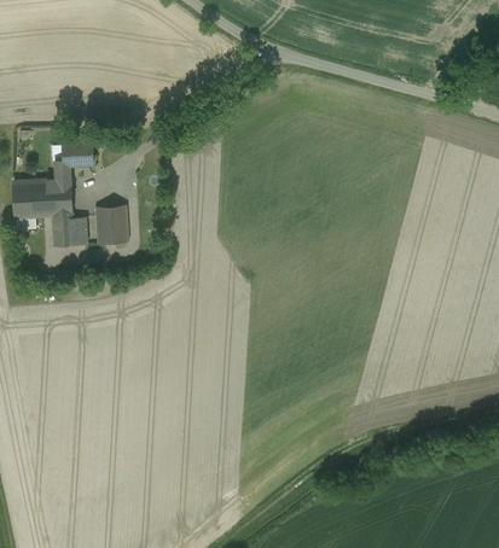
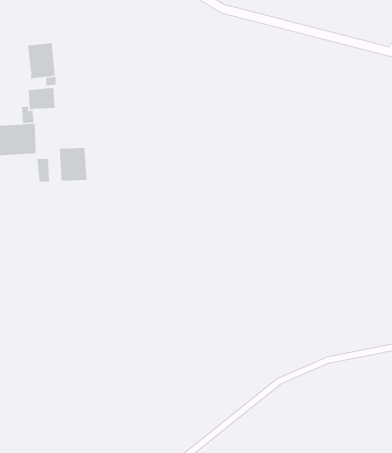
building: none -> [27,42,55,79]
building: [52,214,74,246] -> none

